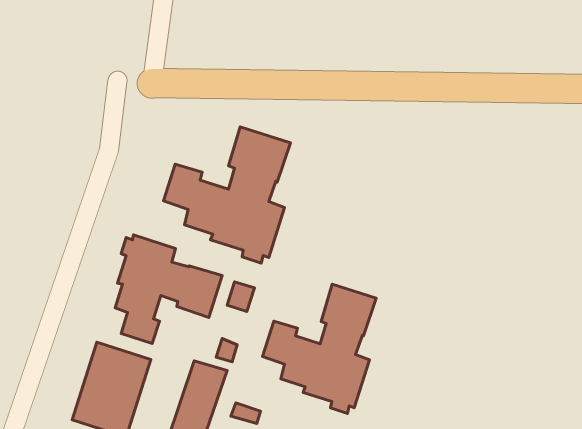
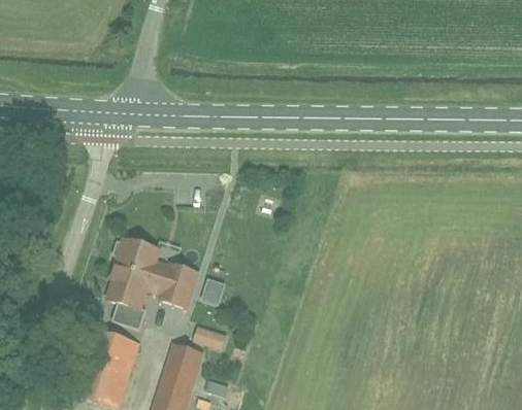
building: [163,127,291,263] -> none
building: [263,284,376,413] -> none

